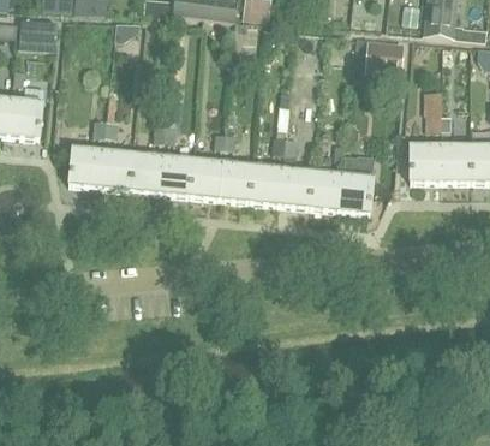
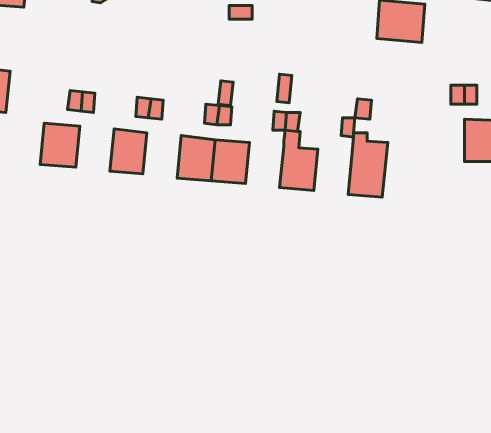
building: [410,144,441,182] -> none
building: [100,150,133,190] -> none
building: [159,156,192,196] -> none
building: [249,165,282,204] -> none
building: [309,171,342,210] -> none

